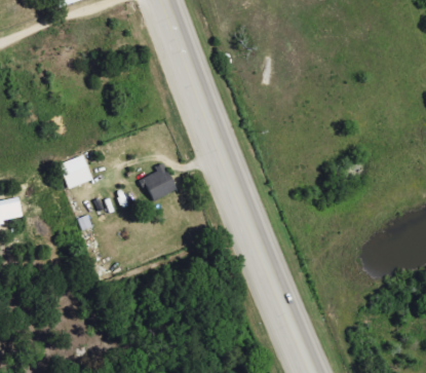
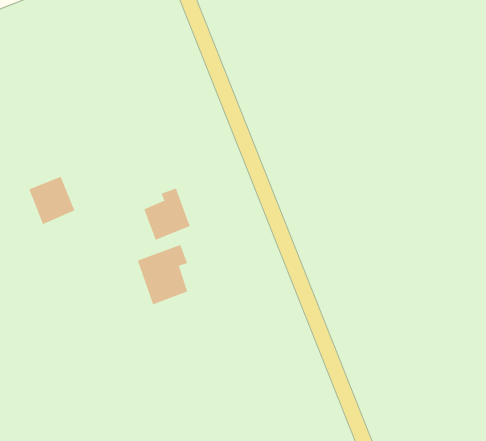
building: none -> [137,244,188,305]

